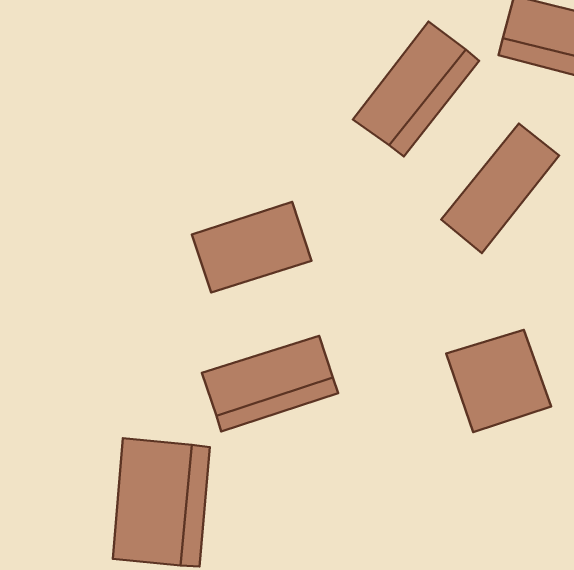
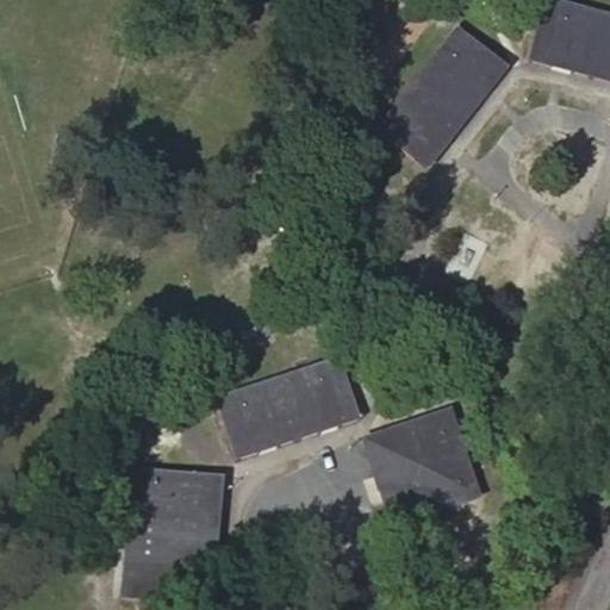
building: [441,124,559,253] -> none
building: [192,202,311,292] -> none
building: [446,330,551,432] -> [367,411,478,519]

